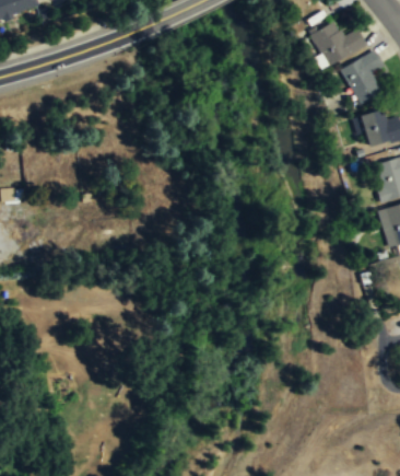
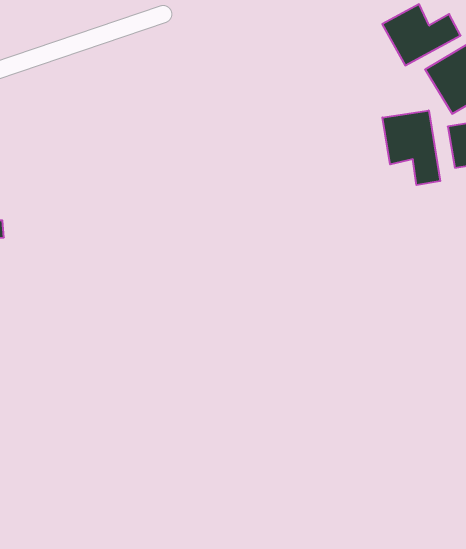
building: none -> [382,110,440,185]

